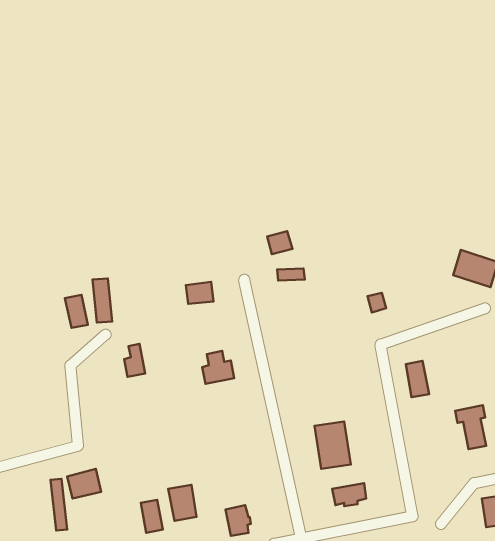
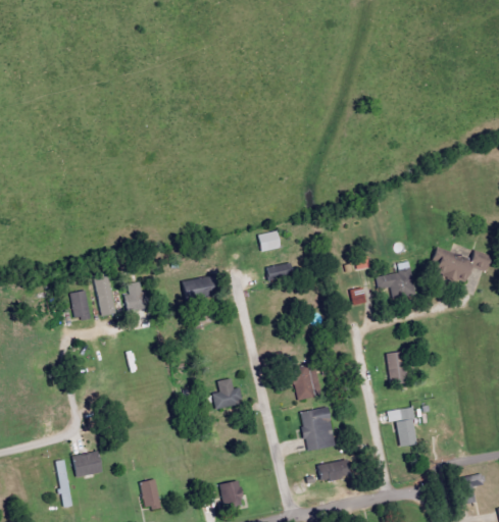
building: none -> [378,262,415,299]
building: [124,344,145,377] -> [124,281,144,312]
building: [202,351,234,384] -> [214,378,244,409]
building: none -> [292,363,326,400]
building: [455,405,486,449] -> [389,410,417,451]
building: [168,485,197,521] -> none

